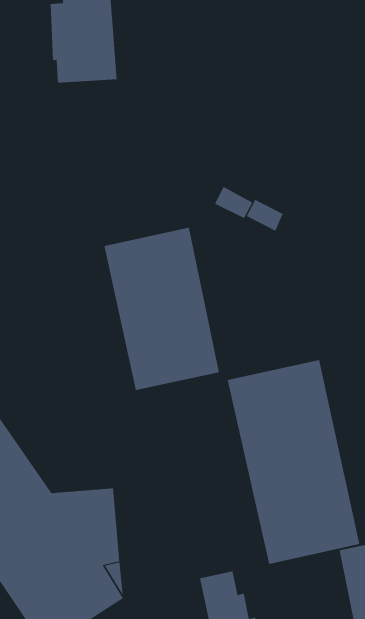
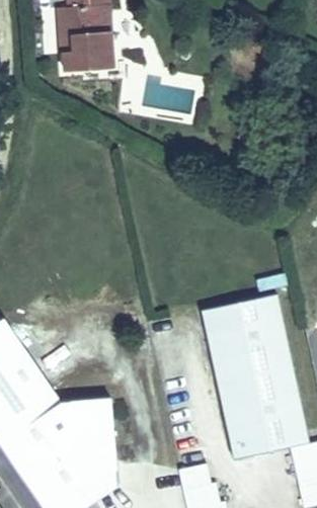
building: [104,227,220,391] -> none

